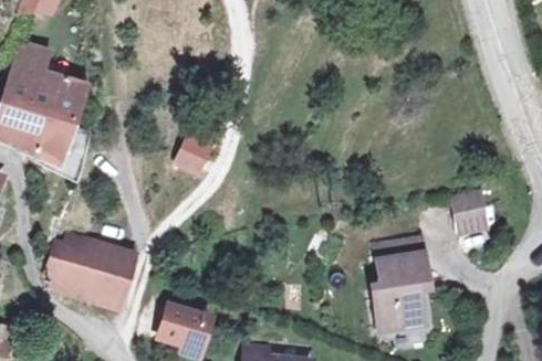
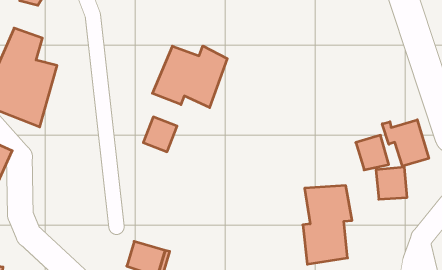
building: none -> [152,46,227,108]
building: none -> [382,120,429,166]
building: [38,235,133,308] -> none

